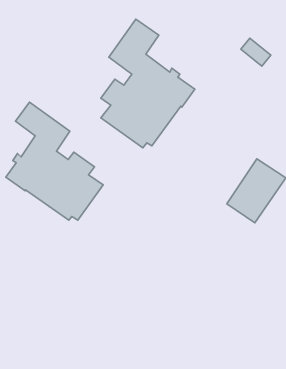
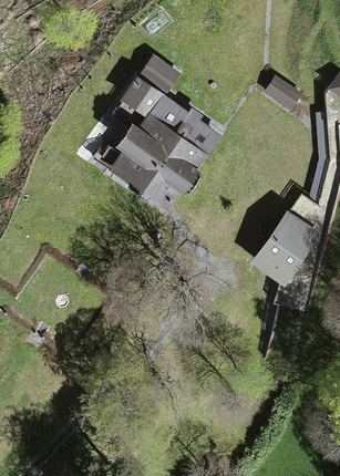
building: [6,102,103,220] -> none

